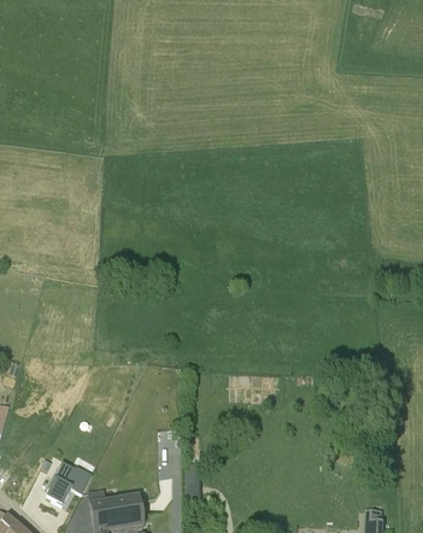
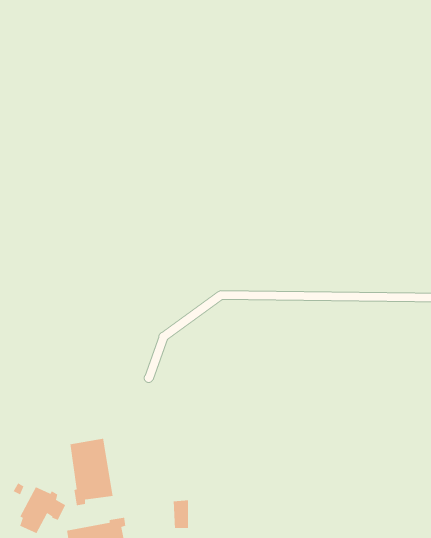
building: none -> [69,438,114,506]

